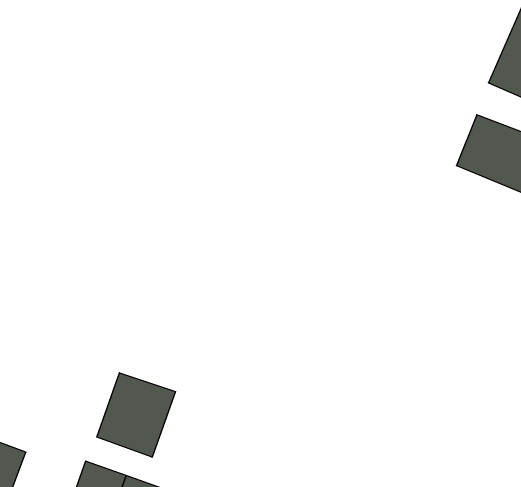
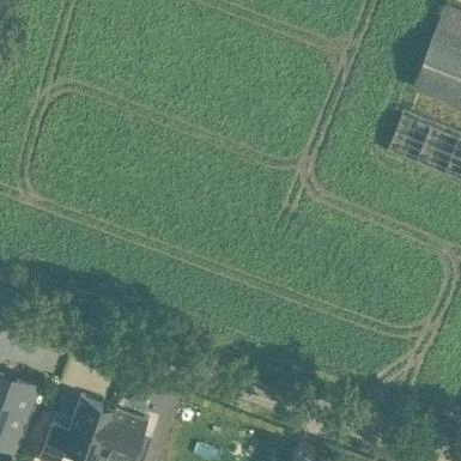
building: [97,373,176,457] -> none

